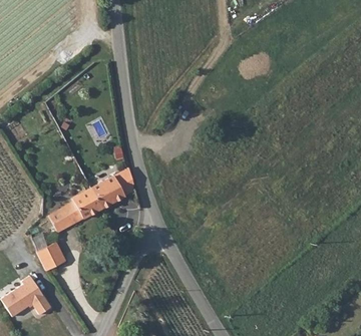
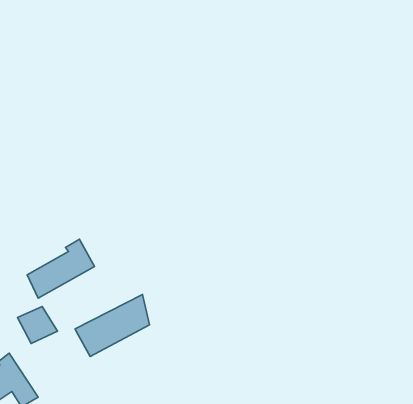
building: [82,167,136,213] -> [75,295,149,356]

